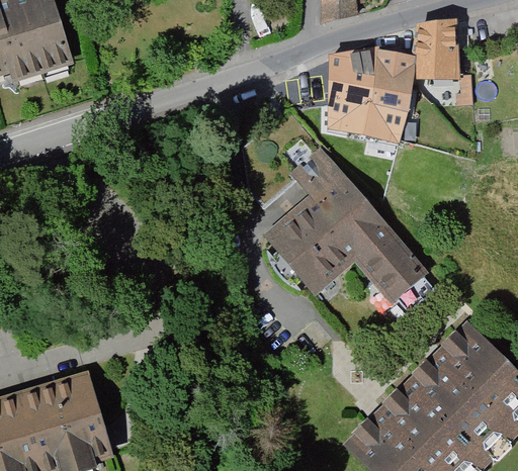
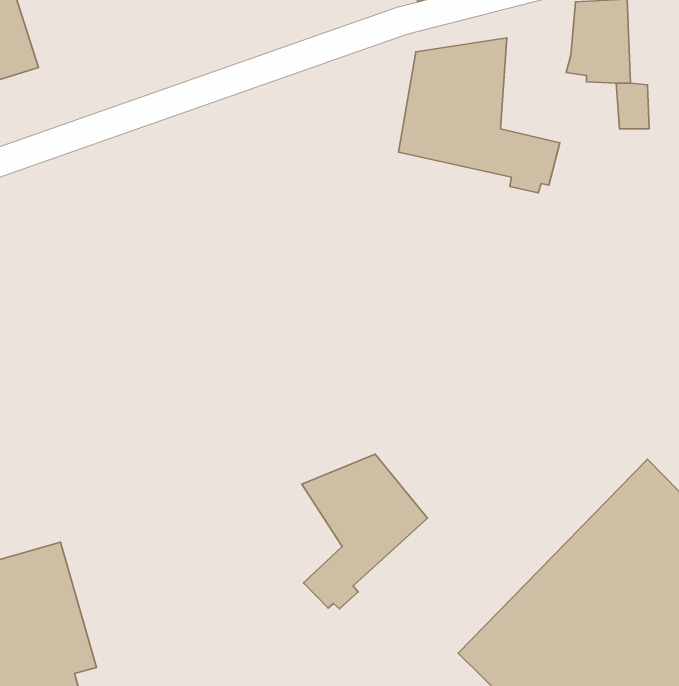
building: [373,45,419,113] -> none
building: [262,145,425,299] -> none
building: none -> [302,454,428,609]

